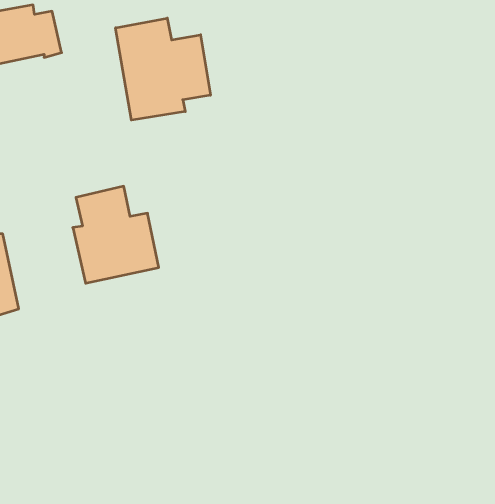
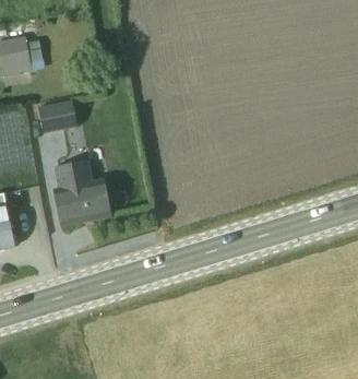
building: [116,18,210,120] -> none
building: none -> [36,100,73,131]

